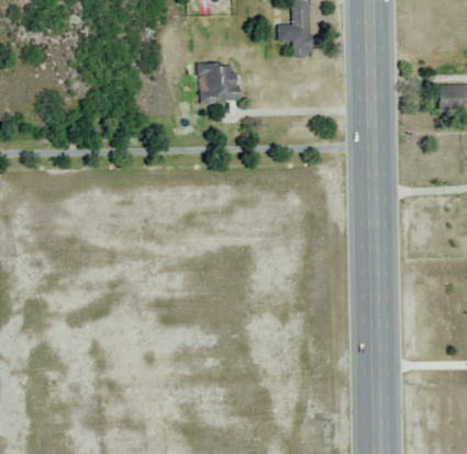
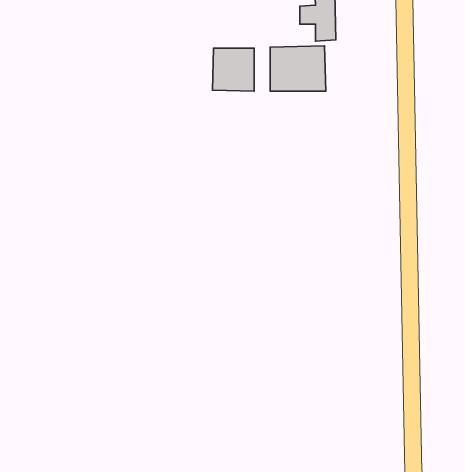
building: none -> [270,46,326,91]

